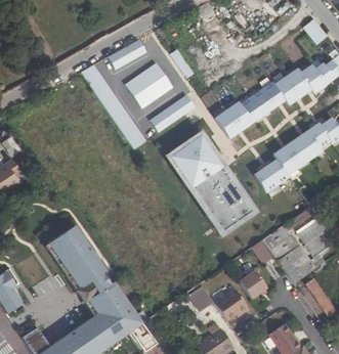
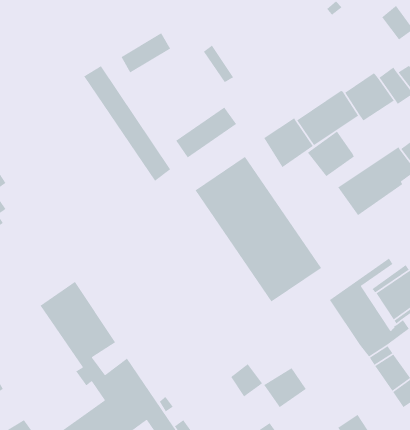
building: [125,62,173,108] -> none
building: [251,159,287,193] -> [307,131,355,177]
building: [240,269,267,298] -> none

